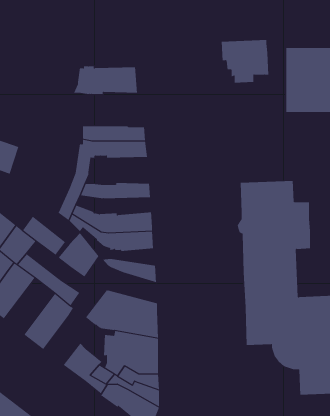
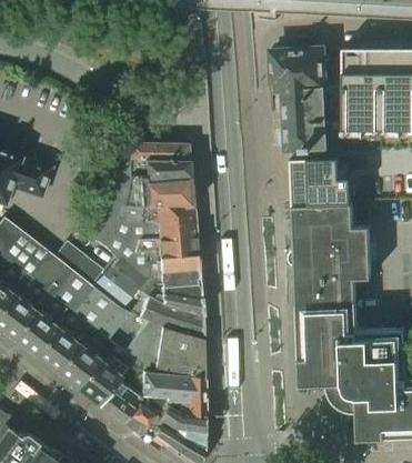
building: [73,66,138,94] -> [122,178,193,209]
building: none -> [277,89,333,151]
building: none -> [290,158,351,207]
building: none -> [112,221,195,242]
building: none -> [117,256,200,298]
building: none -> [58,271,128,328]
building: none -> [137,298,202,339]
building: none -> [33,311,89,373]
building: none -> [77,344,134,406]

